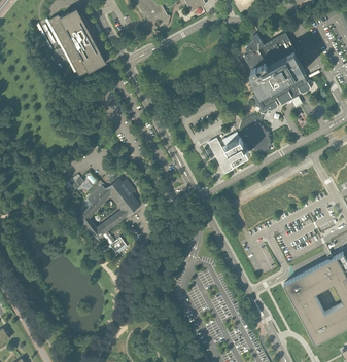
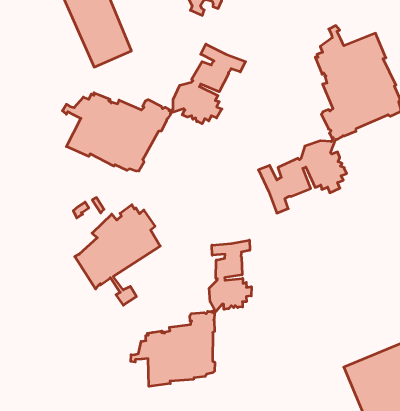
building: none -> [62,44,246,171]
building: none -> [131,240,251,386]

